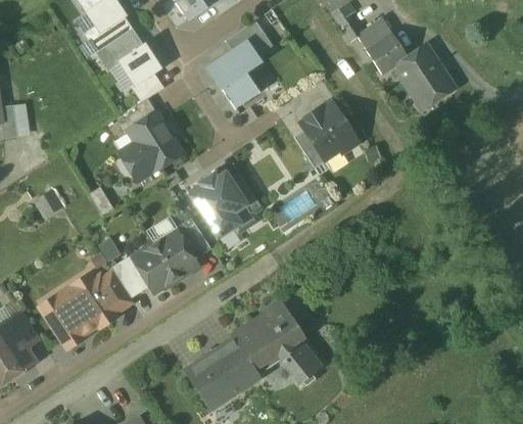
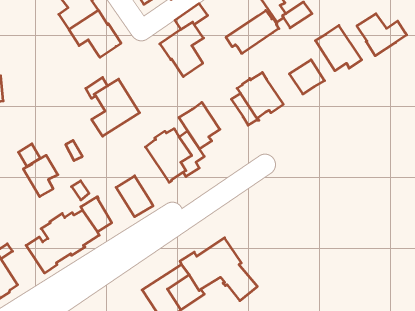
building: none -> [226,10,279,53]
building: [365,32,408,74] -> [289,60,325,94]
building: none -> [357,14,407,56]
building: [130,72,163,102] -> none
building: none -> [179,102,220,149]
building: none -> [23,155,58,197]
building: [174,218,210,258] -> none
building: [131,243,176,293] -> none

